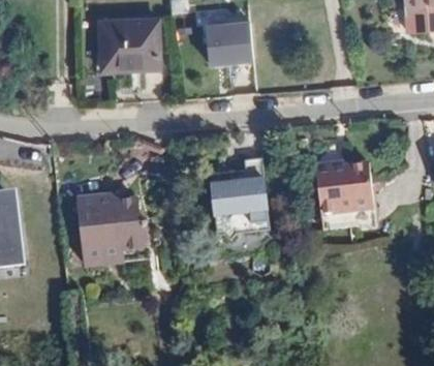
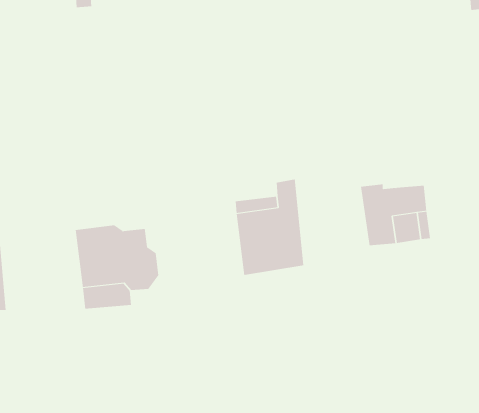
building: [208,19,255,61] -> none
building: [100,20,160,70] -> none

